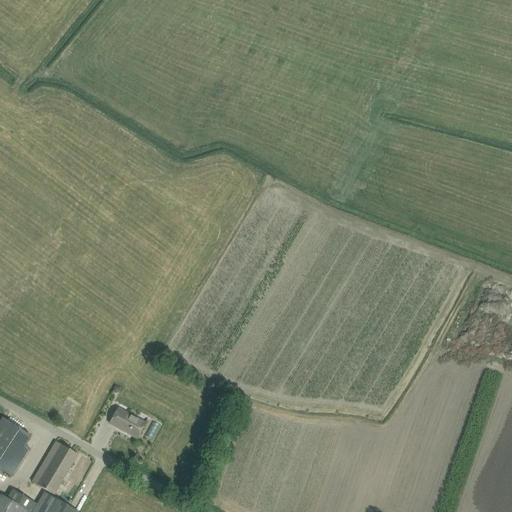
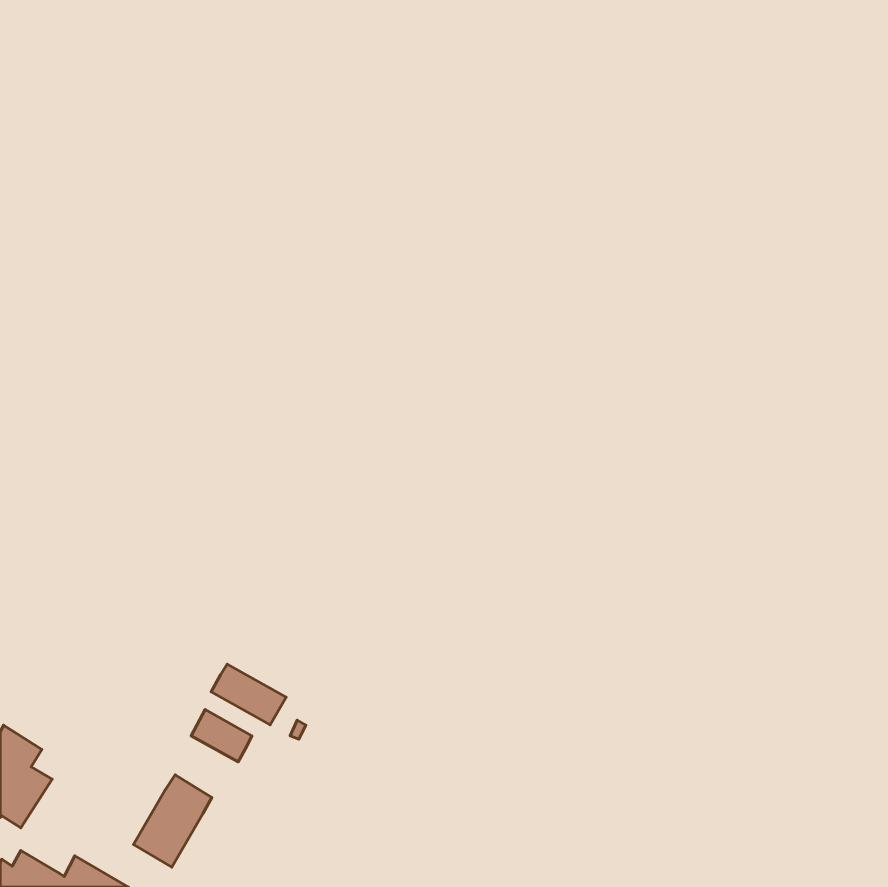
building: none -> [211,664,286,725]
building: [32,441,77,494] -> [133,775,212,867]

